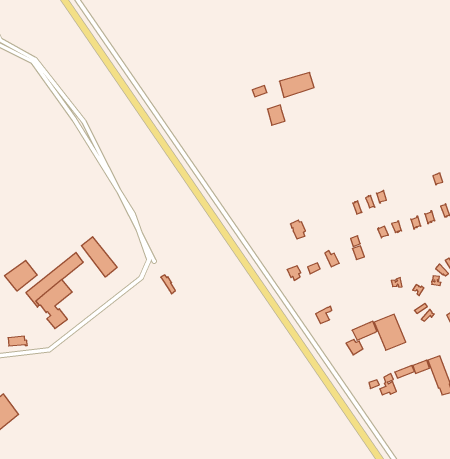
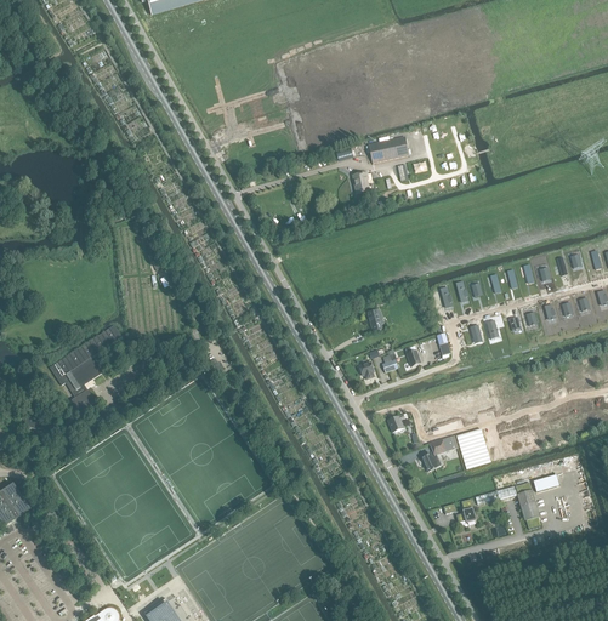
building: [81,237,117,277] -> none
building: [5,260,37,291] -> none

